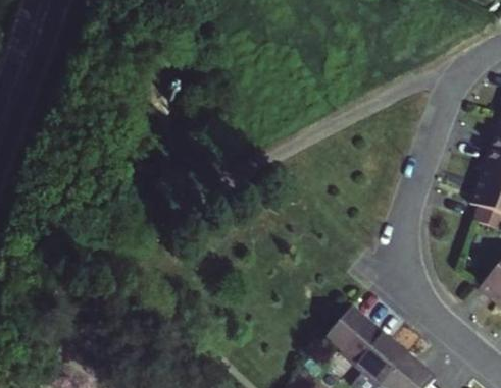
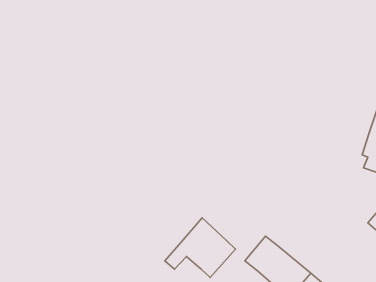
building: none -> [165,218,235,278]

